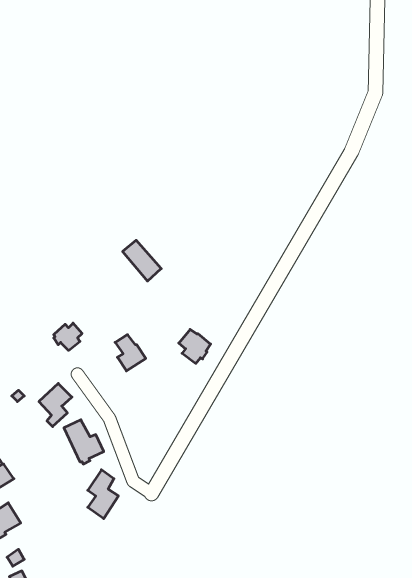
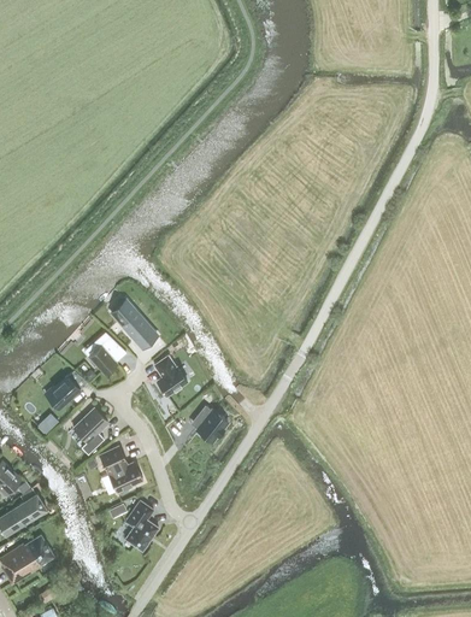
building: [123,240,161,281] -> [116,305,157,348]
building: [179,329,211,363] -> [194,404,228,440]
building: none -> [46,375,80,409]

